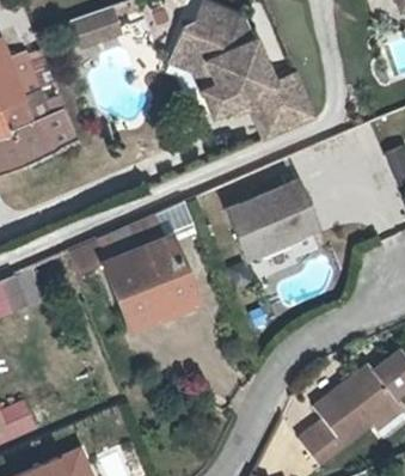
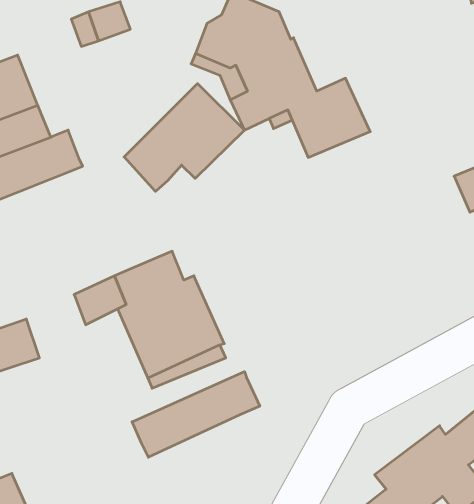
building: none -> [124,84,245,191]
building: [231,181,320,258] -> none
building: none -> [132,372,260,457]

